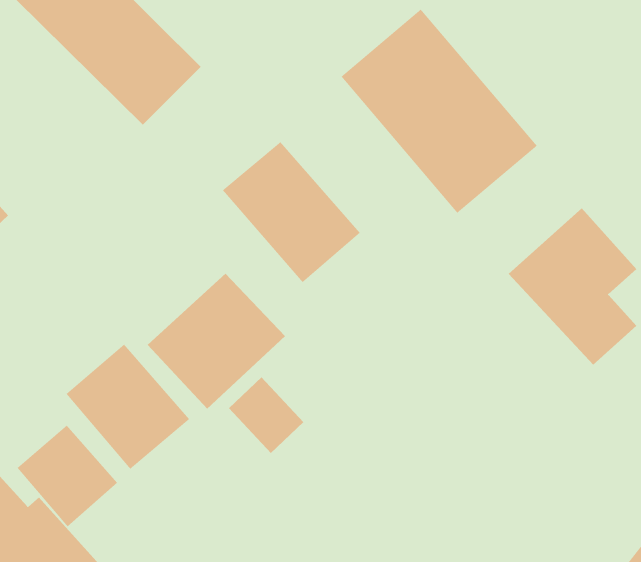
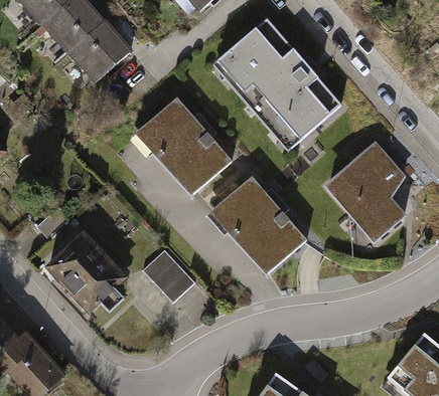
building: none -> [215,179,303,268]
building: [147,273,286,410] -> none
building: [17,424,118,528] -> none

